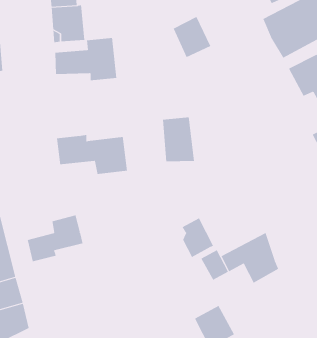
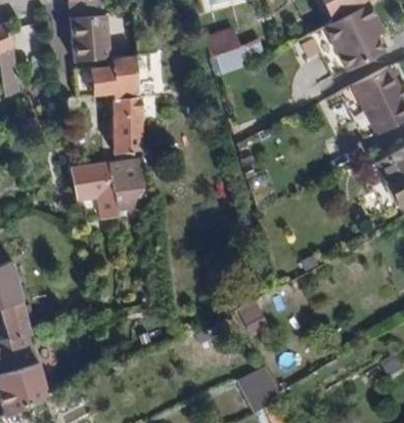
building: [162,117,195,162] -> [113,100,150,153]
building: [27,214,83,262] -> none
building: [182,218,214,258] -> none
building: [221,232,279,284] -> none

